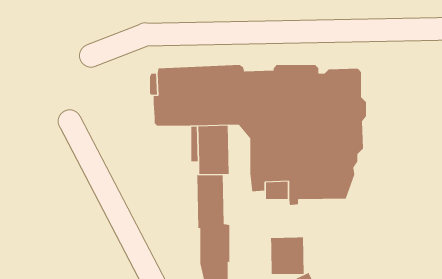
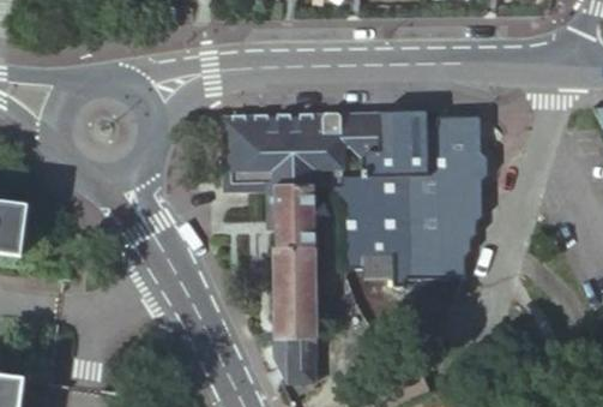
building: [270,237,304,275] -> none

